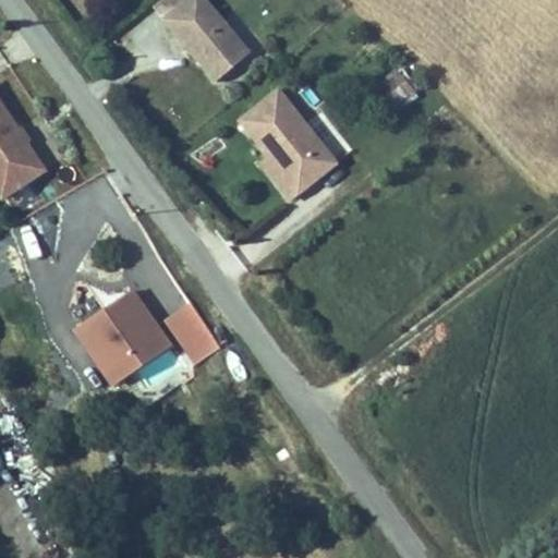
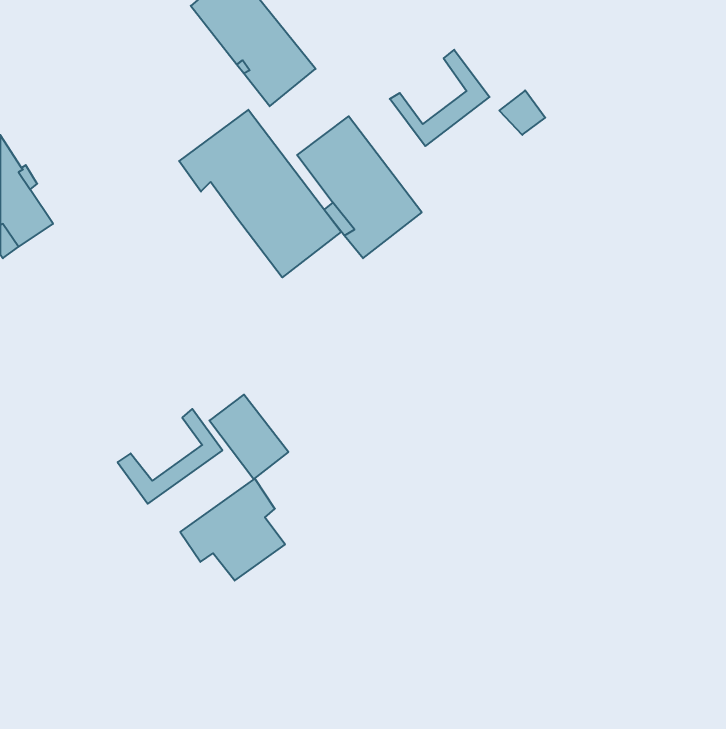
building: none -> [390,50,490,146]
building: none -> [179,110,341,277]
building: [80,288,159,365] -> [180,479,285,581]

